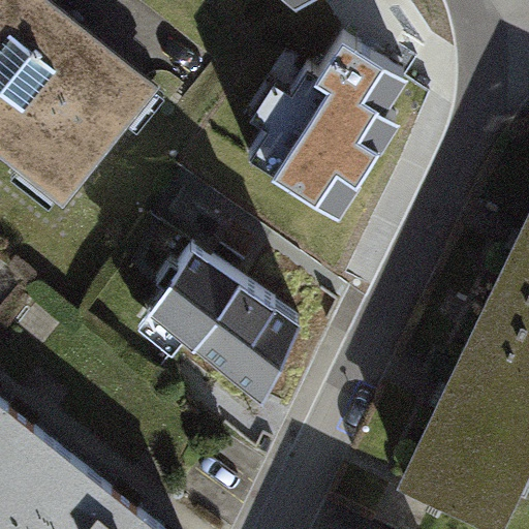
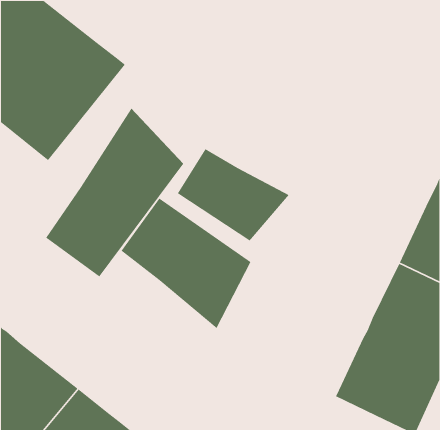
building: [247,38,404,222] -> none
building: none -> [45,107,184,277]
building: none -> [177,148,290,241]

